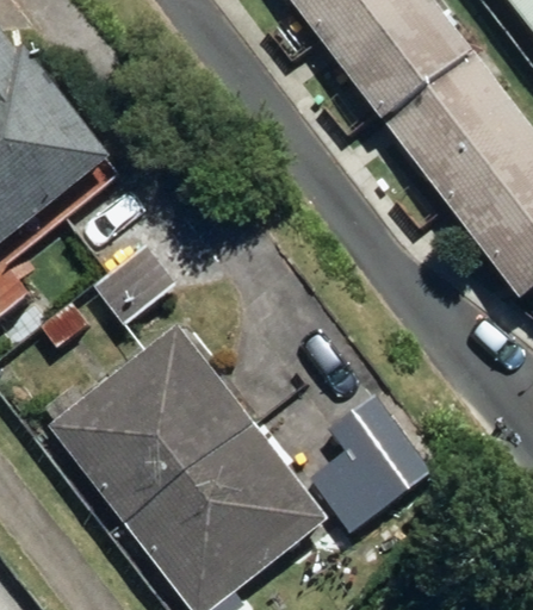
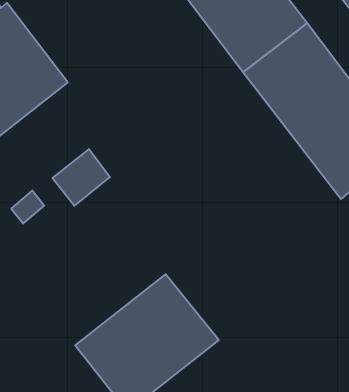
building: [55,325,258,519] -> none
building: [309,392,435,531] -> none

